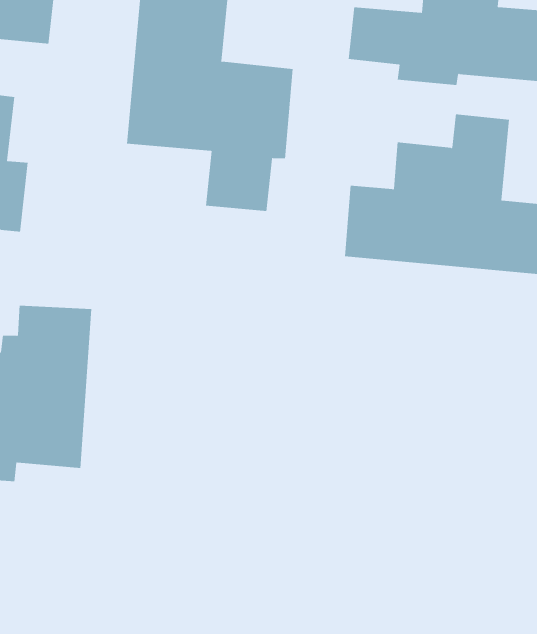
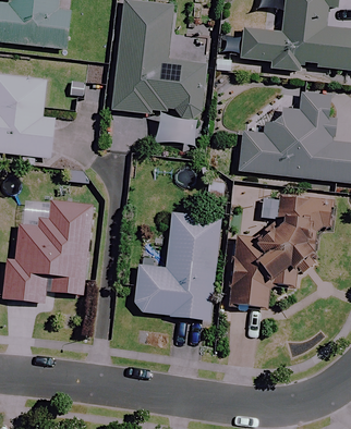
building: none -> [226,193,332,308]
building: none -> [133,212,220,319]

